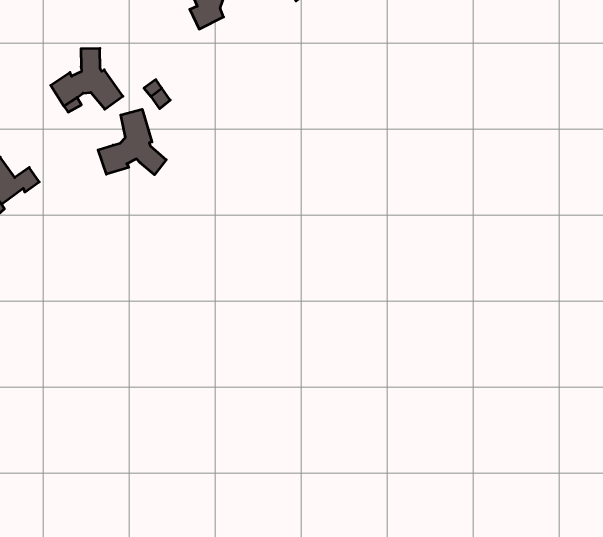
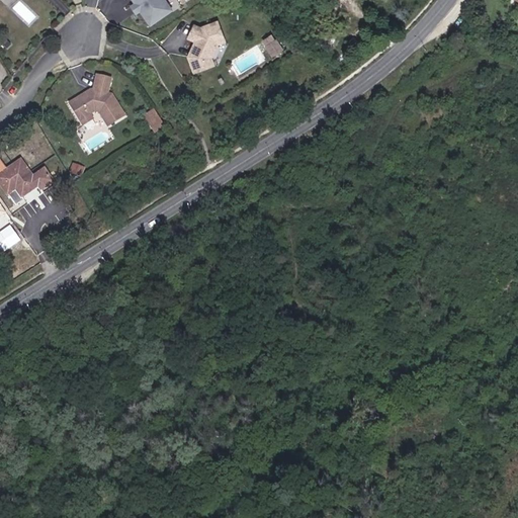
building: [98,109,166,175] -> none

